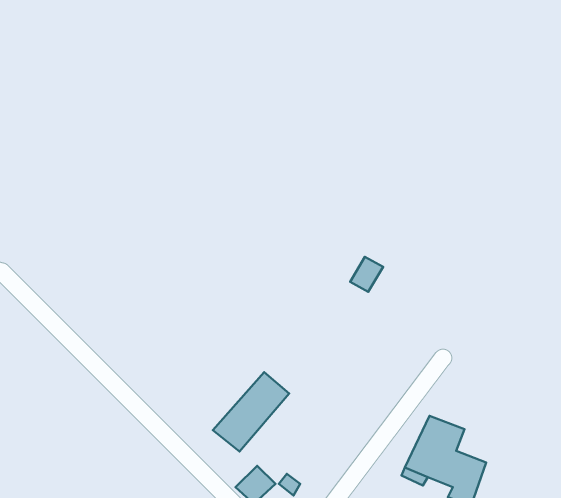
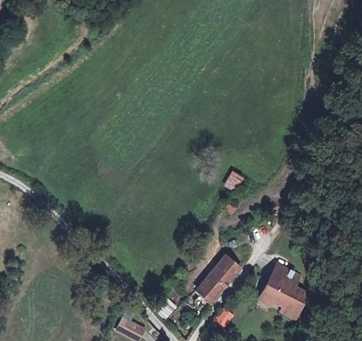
building: [213,372,289,452] -> [196,254,242,302]

